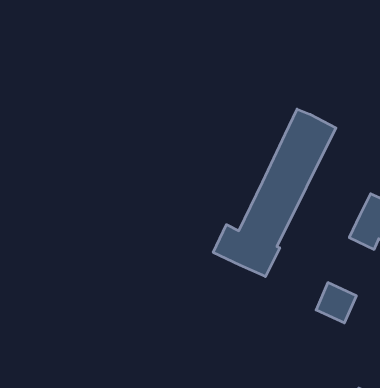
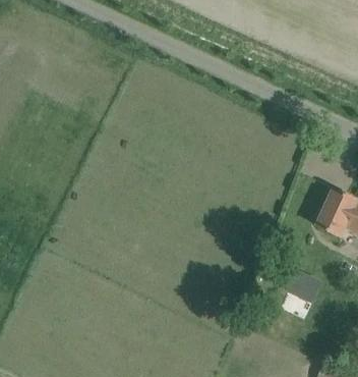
building: [213,109,336,277] -> none

